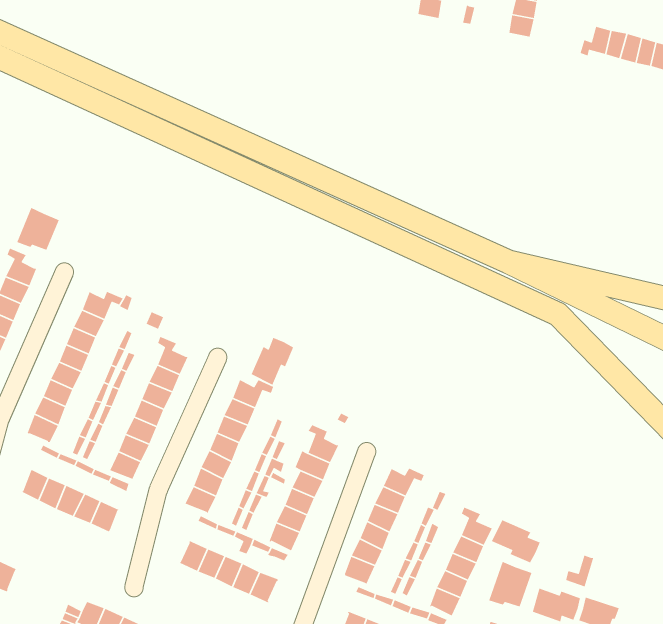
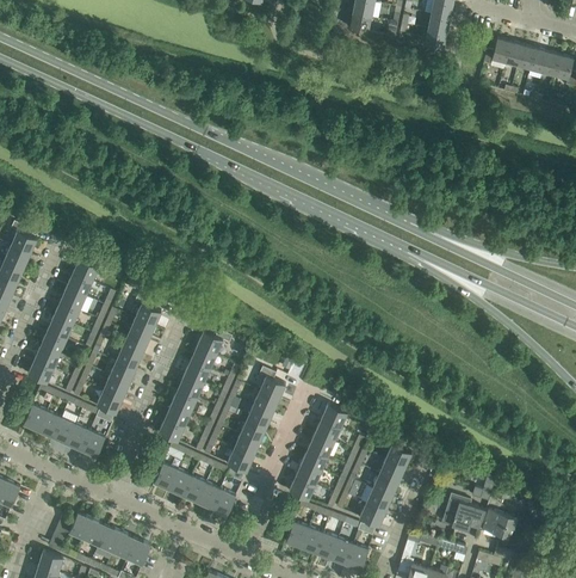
building: [16,207,60,251] -> none
building: [251,337,294,386] -> none
building: [491,519,541,563] -> none
building: [488,561,532,608] -> none

